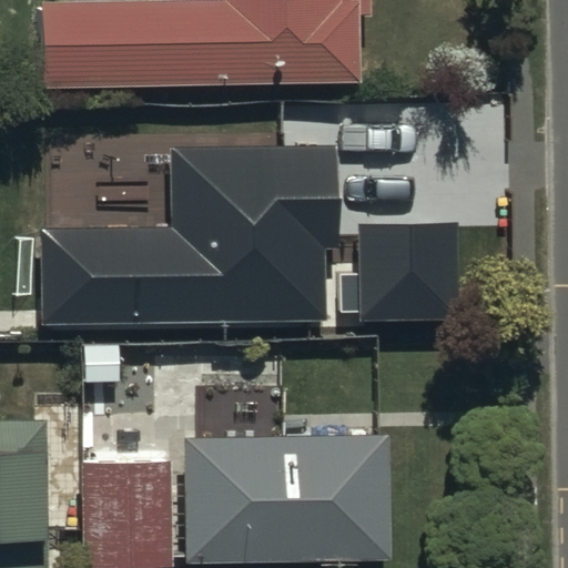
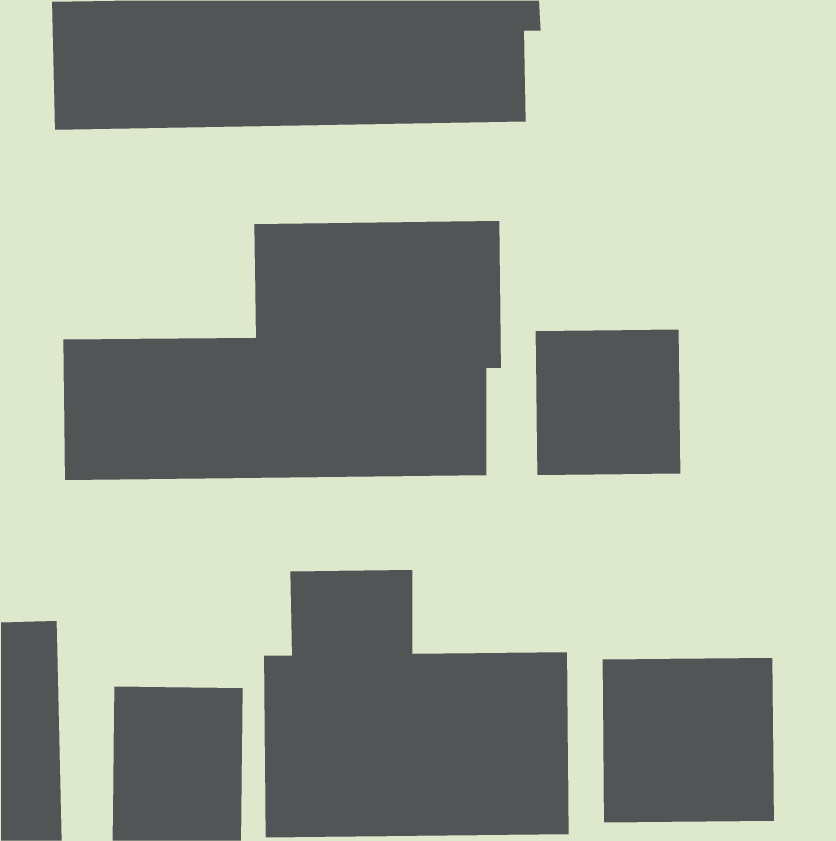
building: none -> [602,657,774,823]

